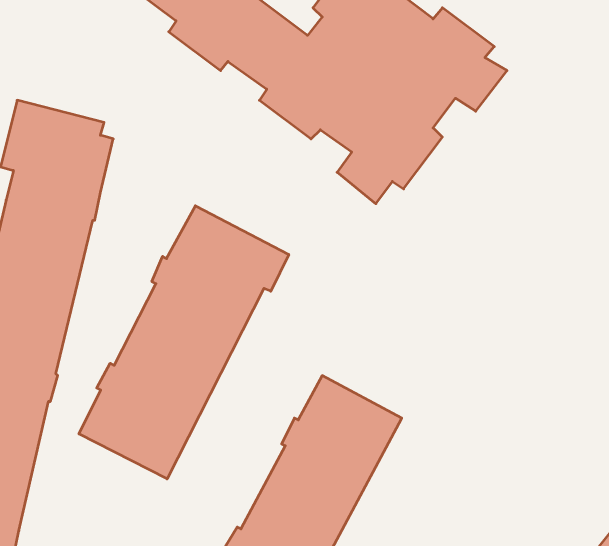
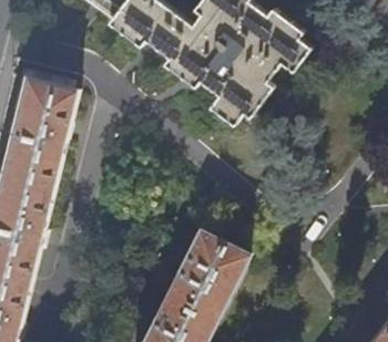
building: [79,206,289,479] -> none

